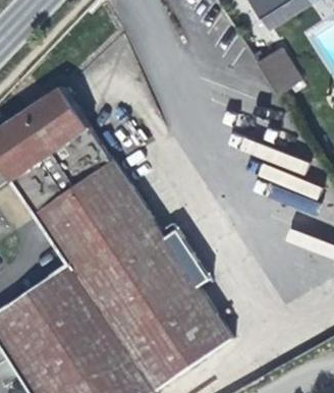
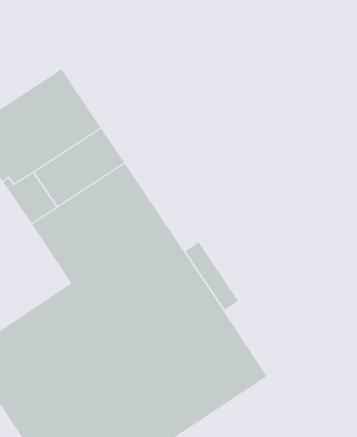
building: [256,47,299,93] -> none

